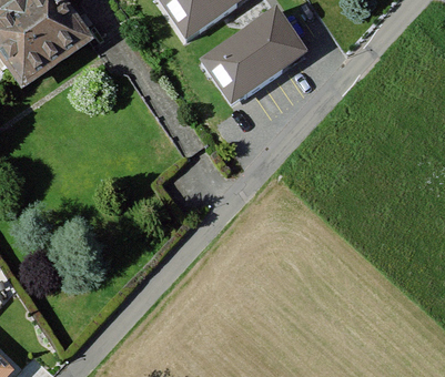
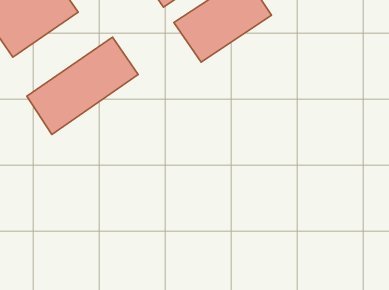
building: none -> [27,37,138,135]

